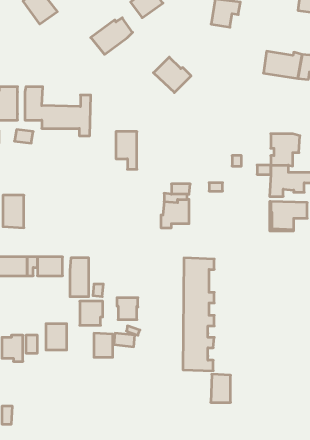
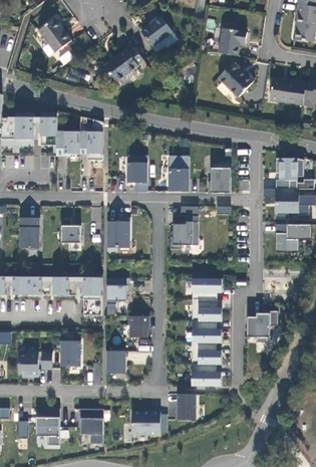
building: [153,57,191,93] -> [218,62,254,96]
building: none -> [169,156,189,191]
building: none -> [211,162,231,192]
building: none -> [61,217,80,242]
building: none -> [107,218,129,250]
building: none -> [247,310,278,341]
building: [80,301,103,325] -> [106,277,128,300]
building: [211,374,231,402] -> [177,393,196,420]
building: none -> [36,408,60,444]
building: none -> [78,408,103,443]
building: none -> [131,411,161,433]

